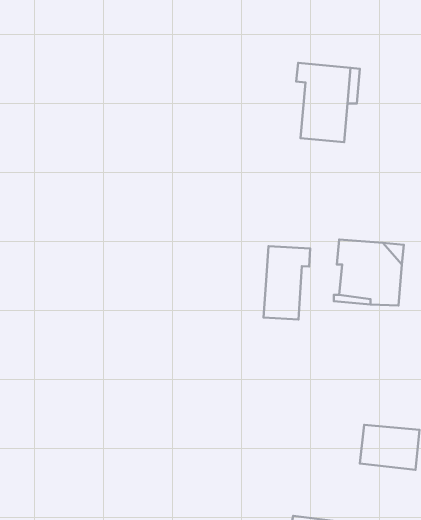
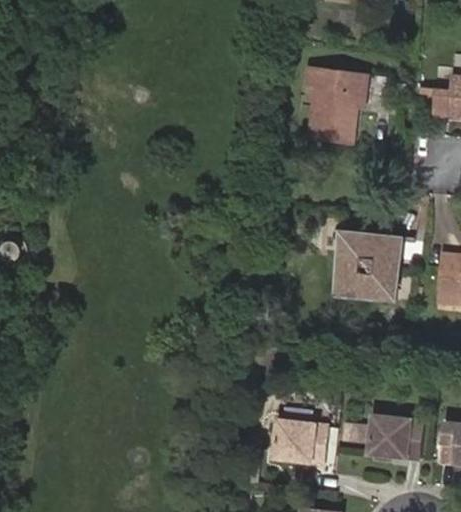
building: [263,246,310,319] -> none
building: none -> [272,420,329,464]

